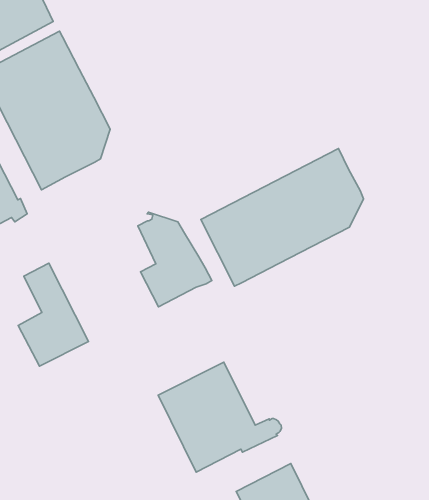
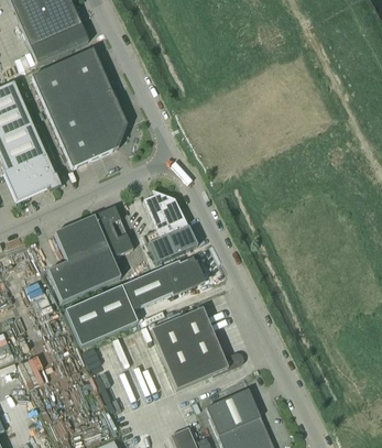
building: [201,149,364,286] -> none
building: none -> [74,205,133,285]
building: none -> [65,256,205,346]

